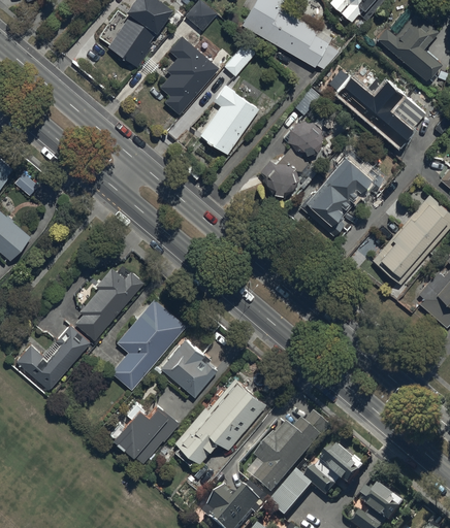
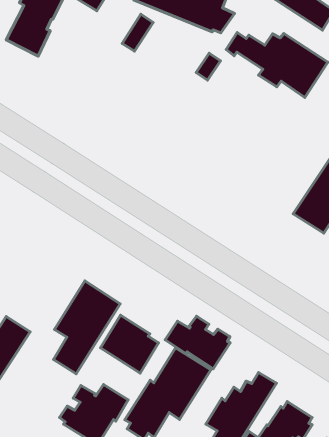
building: [159,35,219,113] -> none
building: [199,85,259,154] -> none
building: [259,121,321,196] -> none
building: [297,148,383,236] -> none
building: [74,267,143,339] -> none
building: none -> [165,316,230,369]

